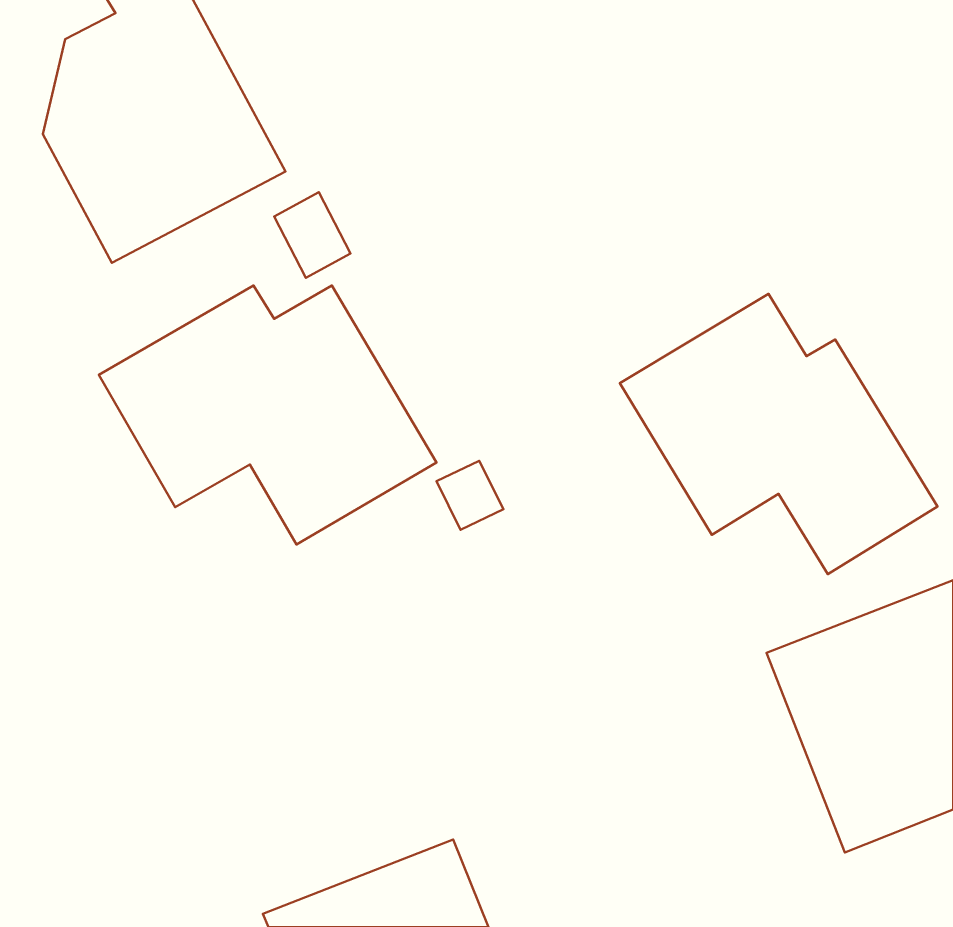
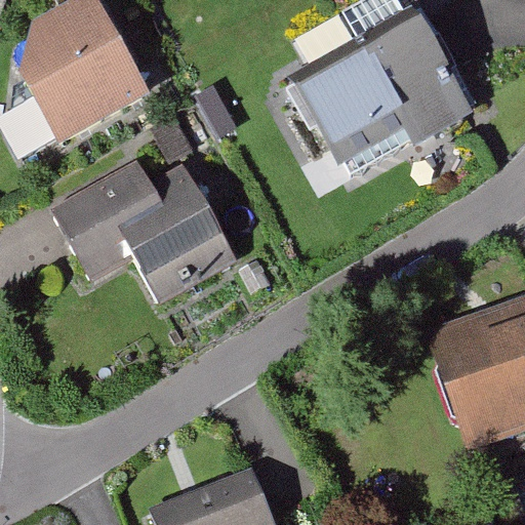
building: none -> [274,5,474,175]
building: [620,294,937,574] -> none

